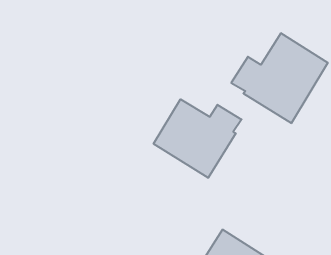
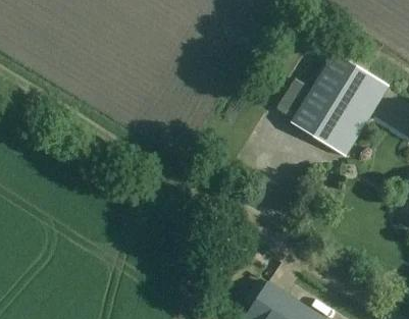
building: [154,99,242,178] -> none

